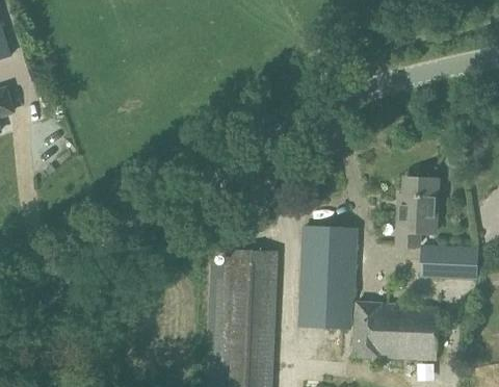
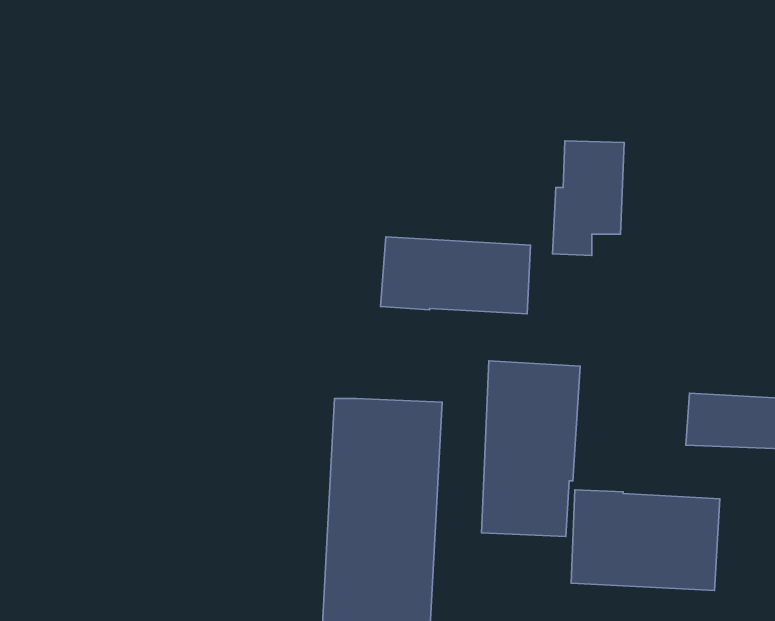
building: none -> [381,237,531,314]
building: [395,178,437,244] -> [552,141,624,256]

